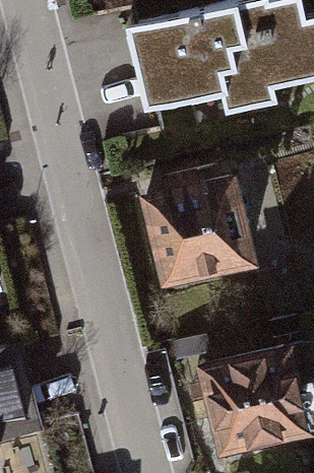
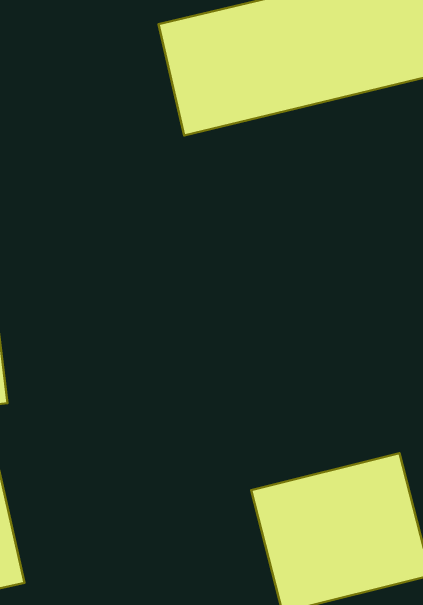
building: [144,179,261,296] -> none

